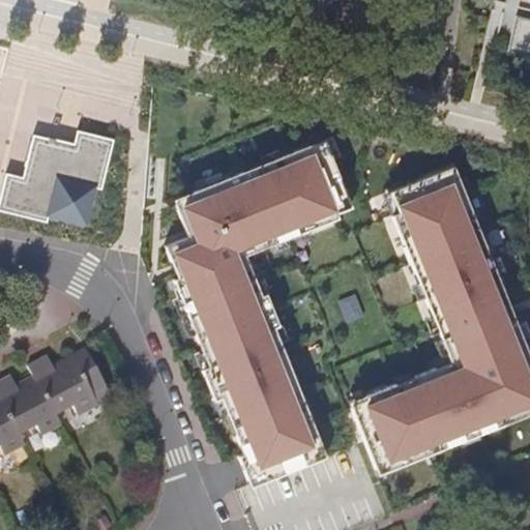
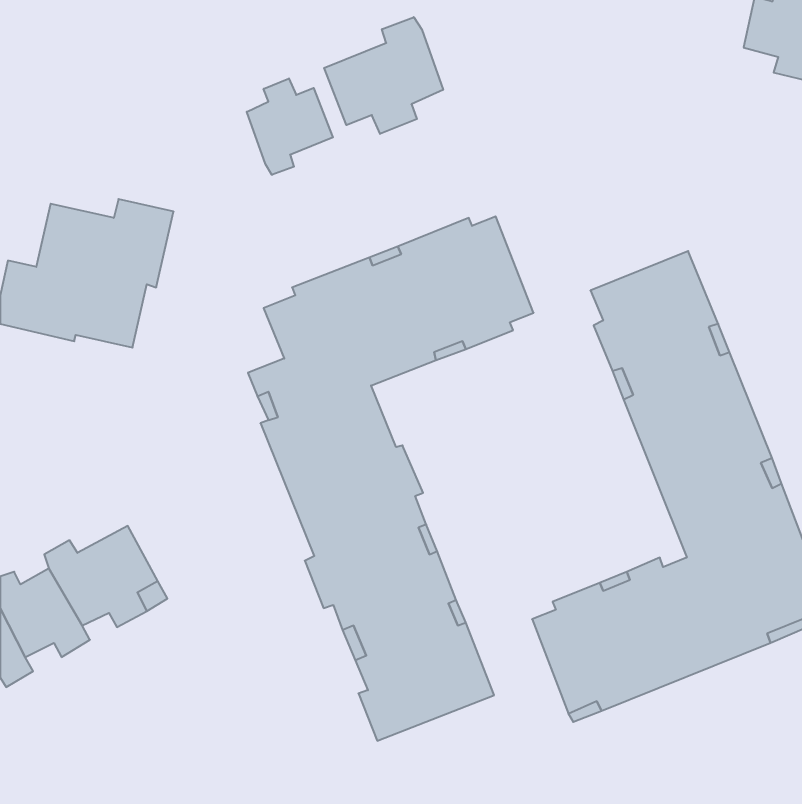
building: none -> [324,17,443,134]
building: none -> [247,78,333,175]

